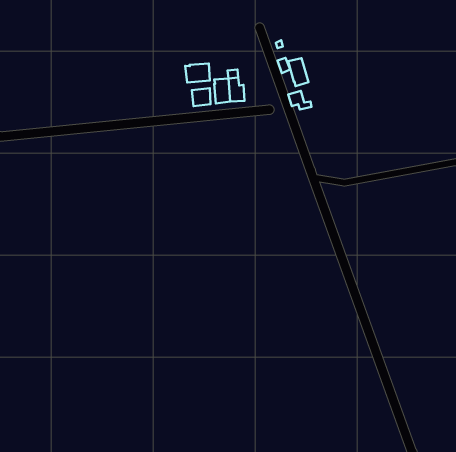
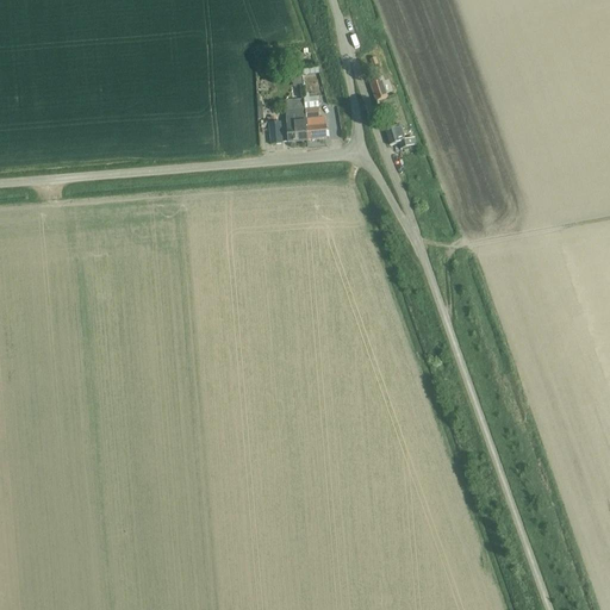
building: [288,58,309,86] -> none
building: [185,63,210,83] -> none

